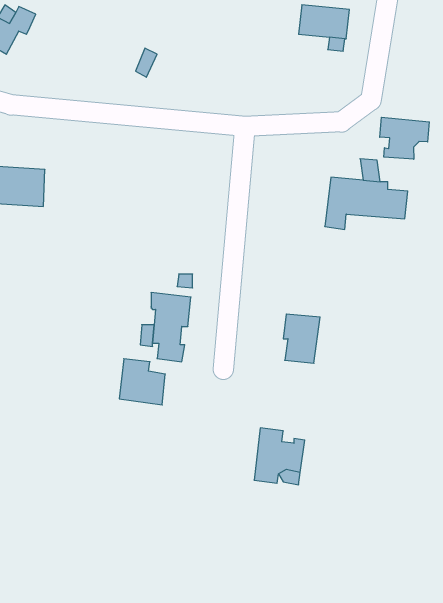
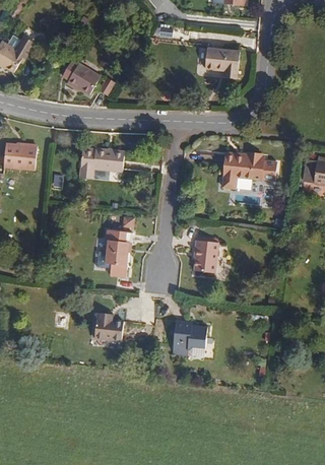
building: none -> [61,56,96,85]
building: [380,117,429,159] -> none
building: none -> [80,149,124,178]
building: [119,359,165,405] -> [94,314,125,344]

